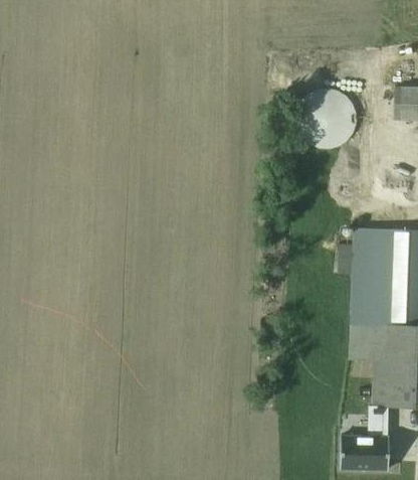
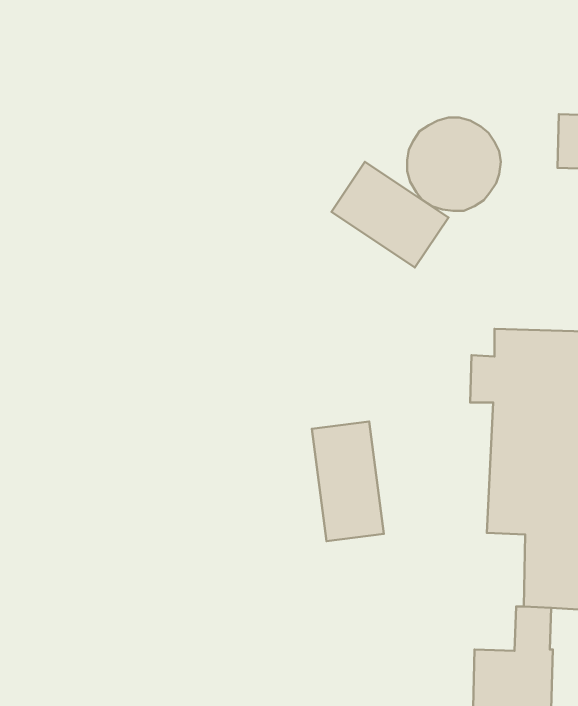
building: none -> [331,162,448,267]
building: none -> [312,422,384,541]

